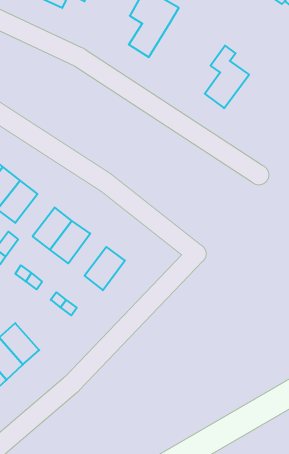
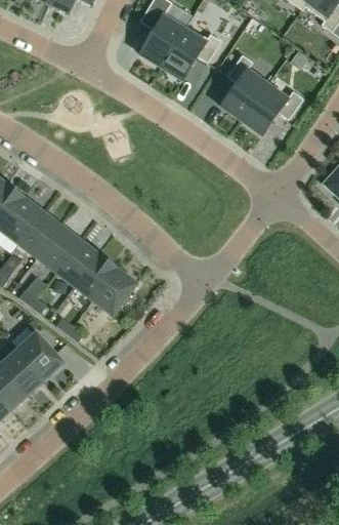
building: none -> [161,29,221,80]
building: none -> [242,84,303,134]
building: none -> [18,211,60,256]
building: none -> [75,253,116,298]
building: none -> [18,332,61,377]

